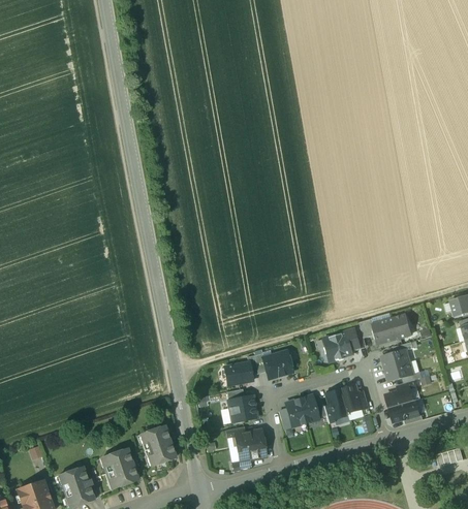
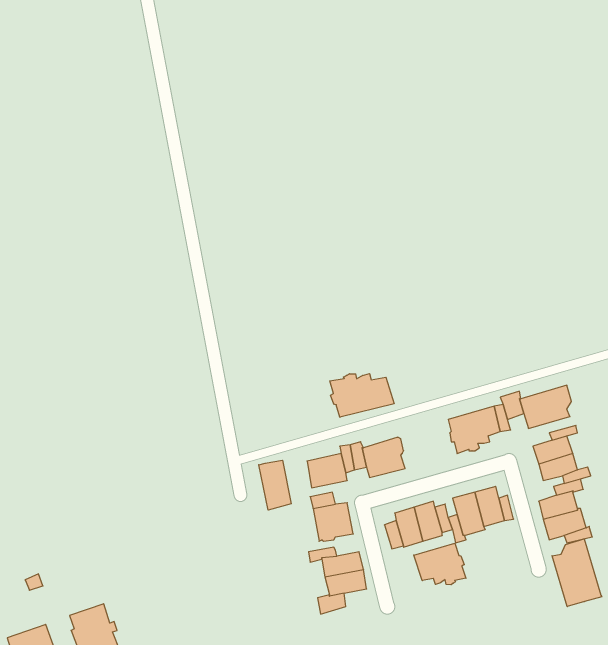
building: none -> [330,374,394,417]
building: none -> [259,460,291,510]
building: none -> [552,539,602,607]
building: none -> [414,543,466,585]
building: [141,425,176,465] -> none
building: [103,448,137,487] -> none

